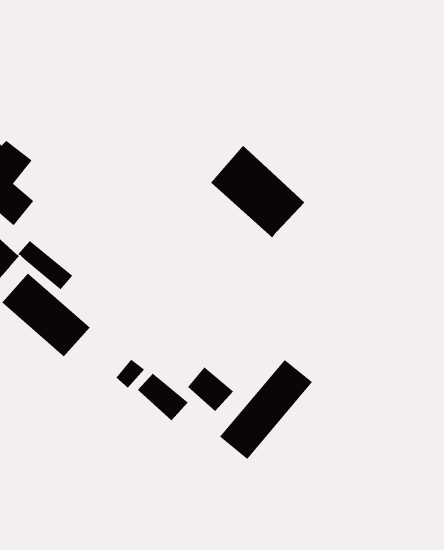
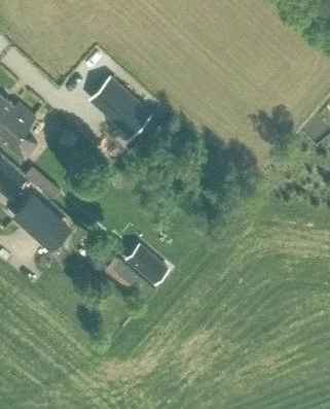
building: [210,145,305,239] -> [87,74,150,136]
building: [219,359,313,460] -> none

